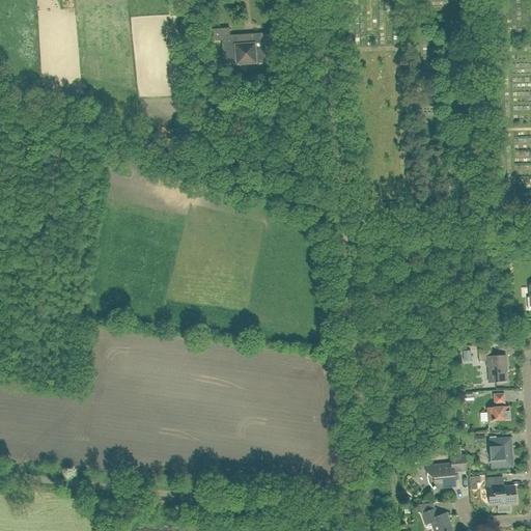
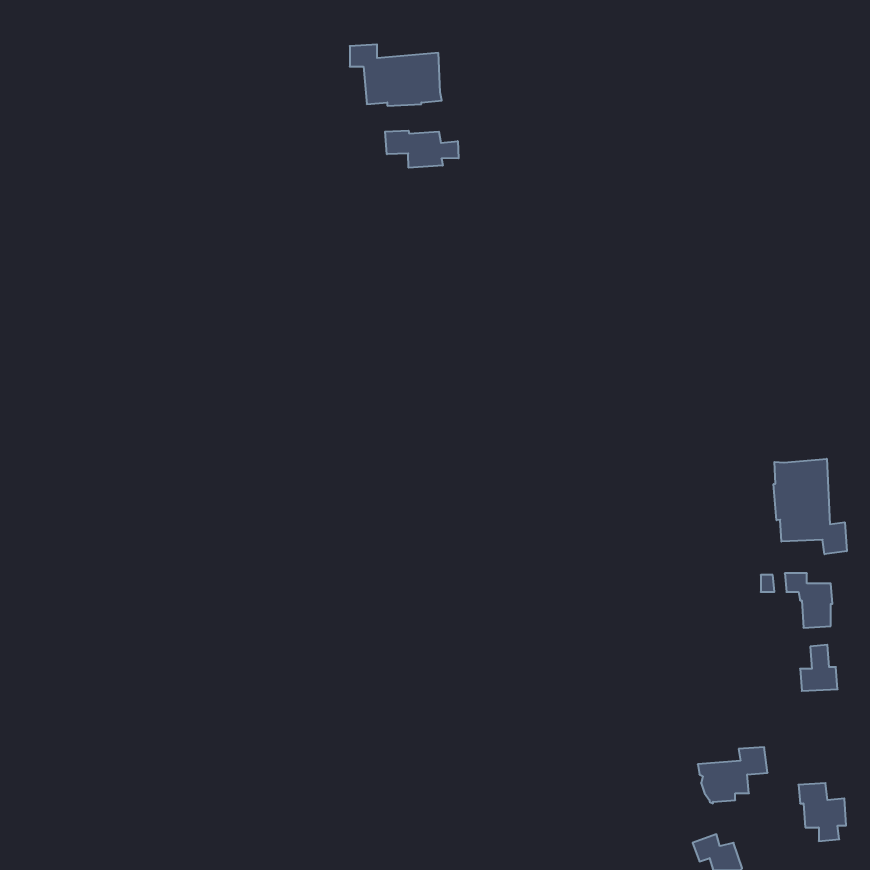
building: none -> [385,131,459,168]
building: none -> [774,459,847,554]
building: [490,437,513,468] -> none

